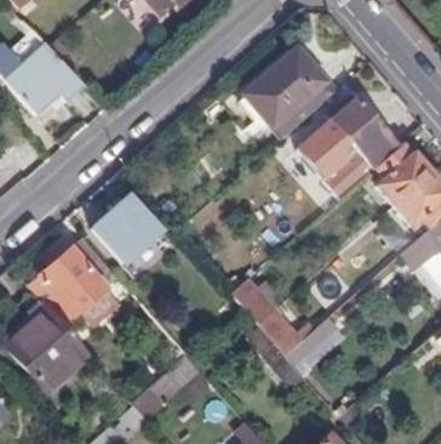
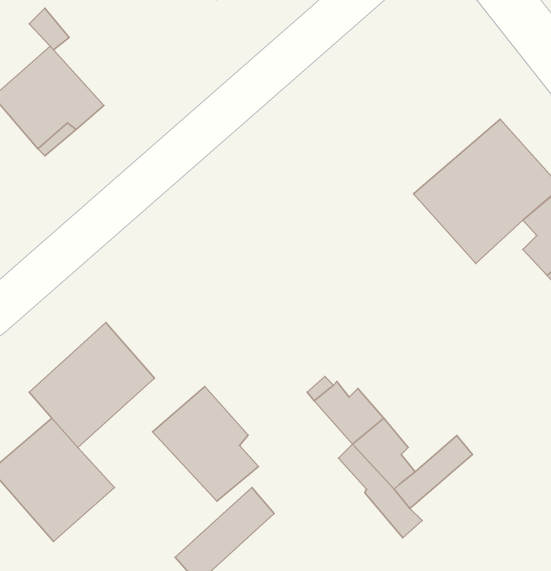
building: [247,50,336,135] -> none
building: [94,197,168,277] -> [153,387,259,501]

